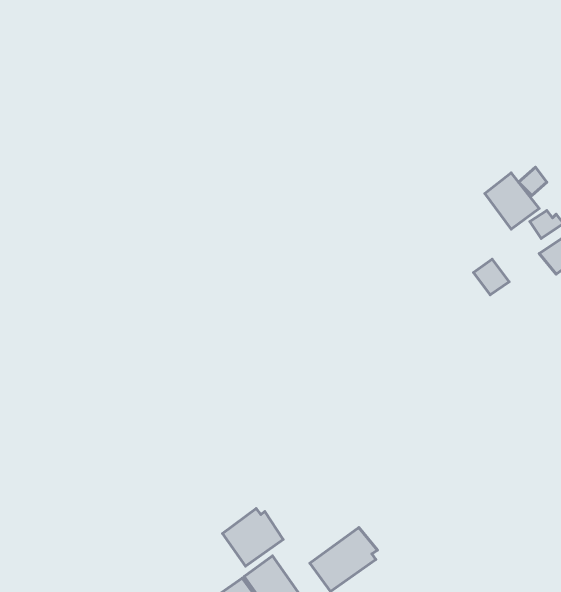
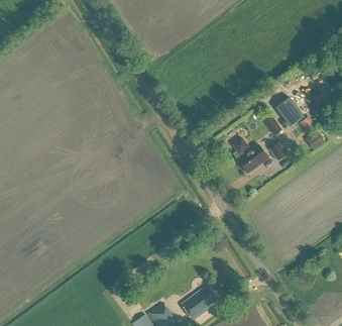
building: none -> [232,139,267,174]
building: [222,508,283,566] -> none

